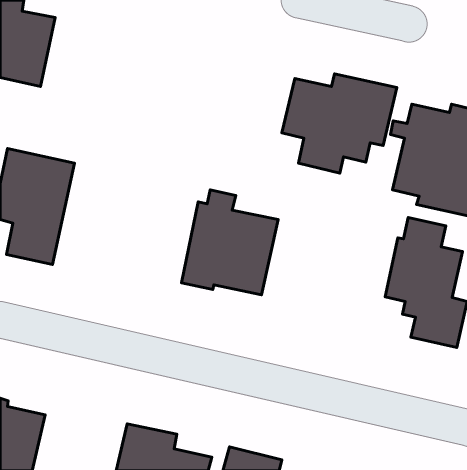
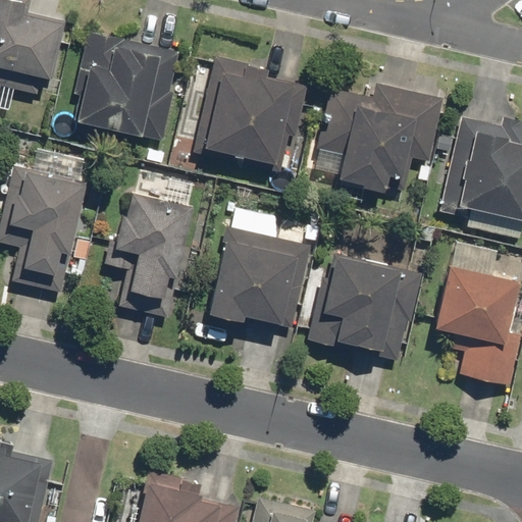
building: none -> [72,31,180,142]
building: none -> [194,55,308,172]
building: none -> [103,189,193,318]
building: none -> [306,253,423,363]

